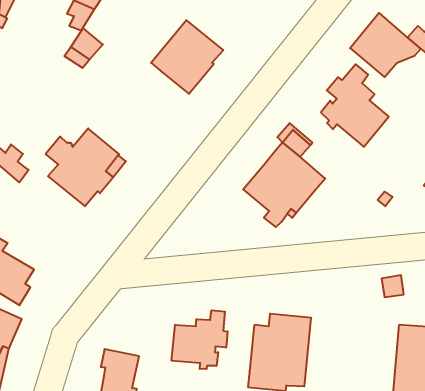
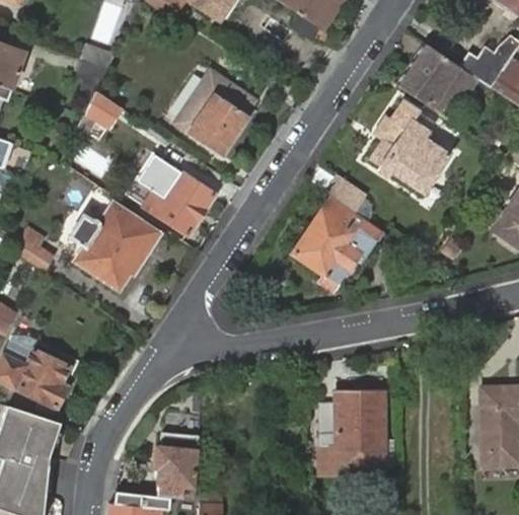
building: none -> [138,155,215,235]
building: [172,310,228,369] -> none

